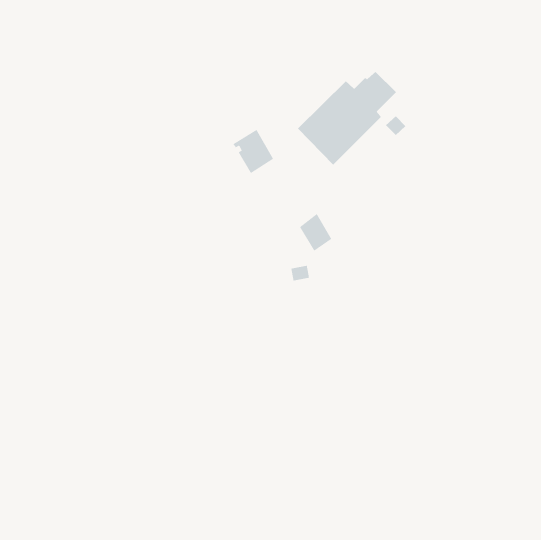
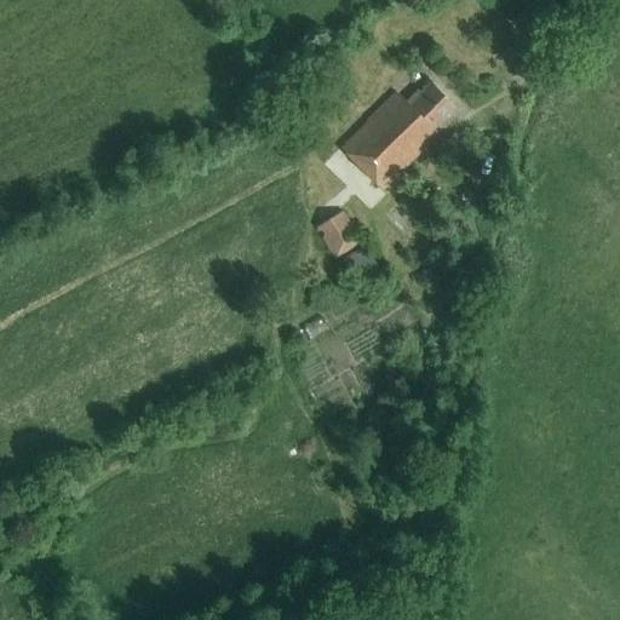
building: [232,129,274,174] -> [312,208,360,259]

